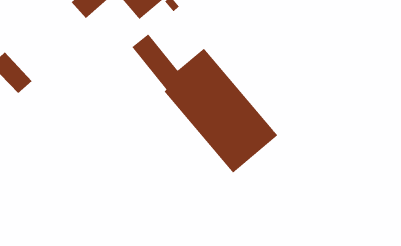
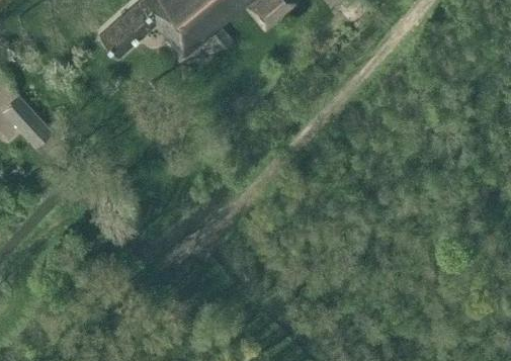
building: [131,34,278,174] -> none

